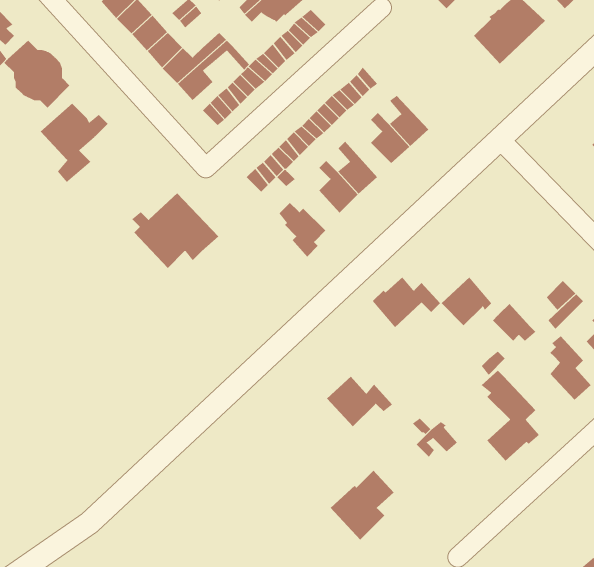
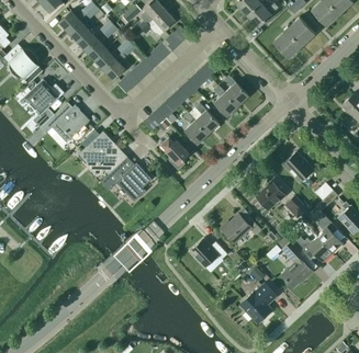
building: none -> [31,103,89,143]
building: none -> [282,151,313,183]
building: none -> [101,164,152,203]
building: [372,276,441,328] -> [221,214,260,243]
building: none -> [293,235,332,262]
building: [330,470,395,540] -> [239,283,277,323]

